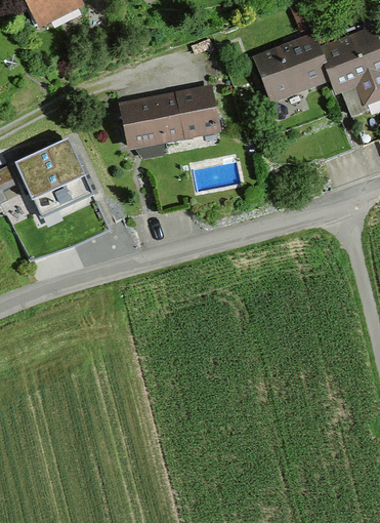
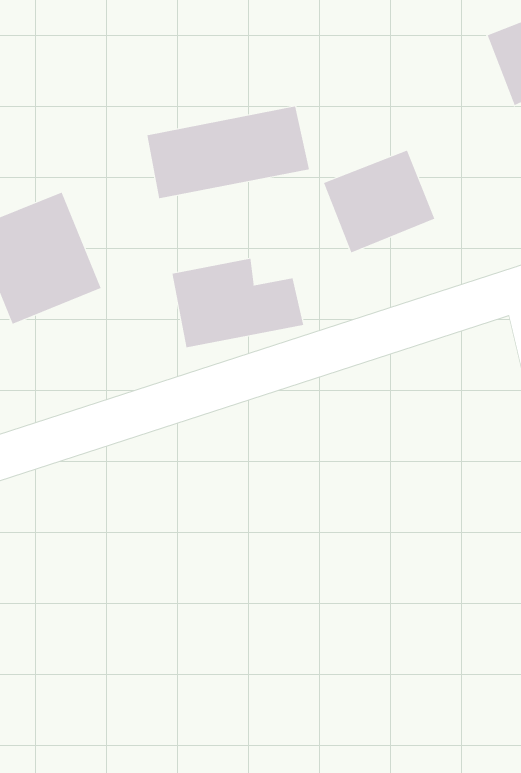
building: [257,38,324,99] -> [323,150,435,253]
building: none -> [172,258,304,348]

